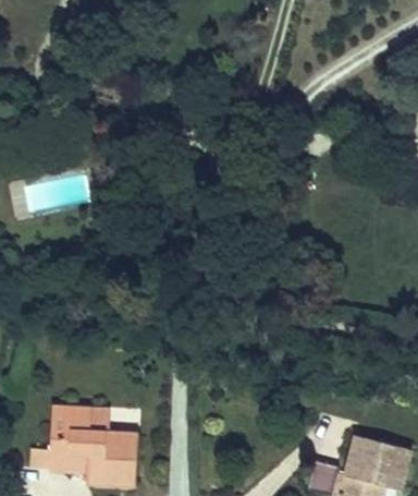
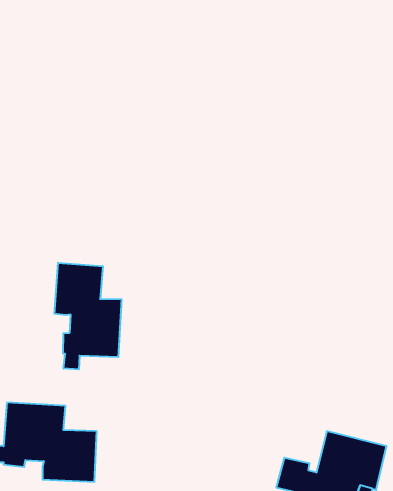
building: none -> [54,263,122,369]

